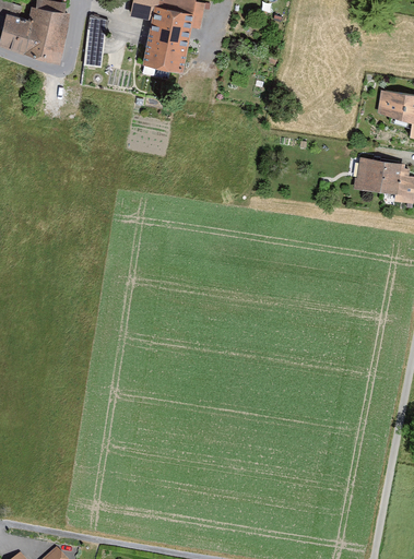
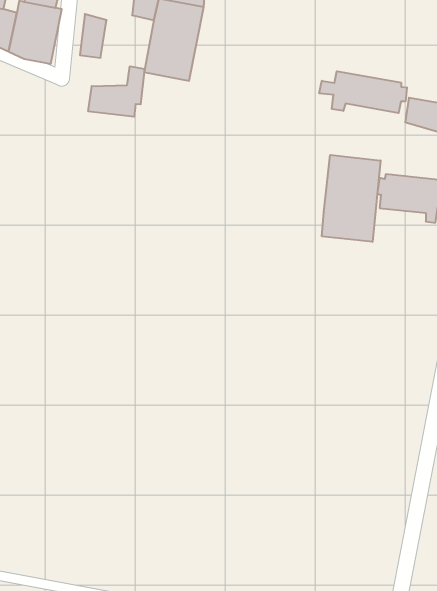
building: none -> [88,66,145,117]
building: none -> [319,71,407,113]
building: none -> [322,155,381,242]

